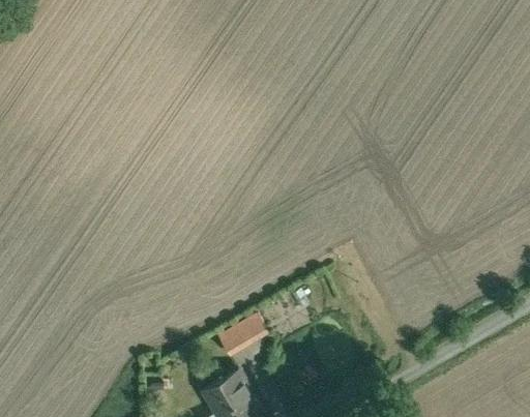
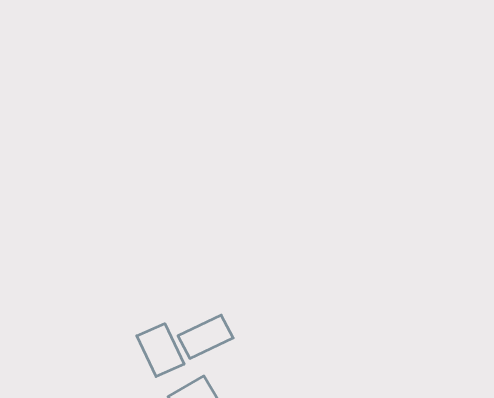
building: none -> [137,324,184,377]

